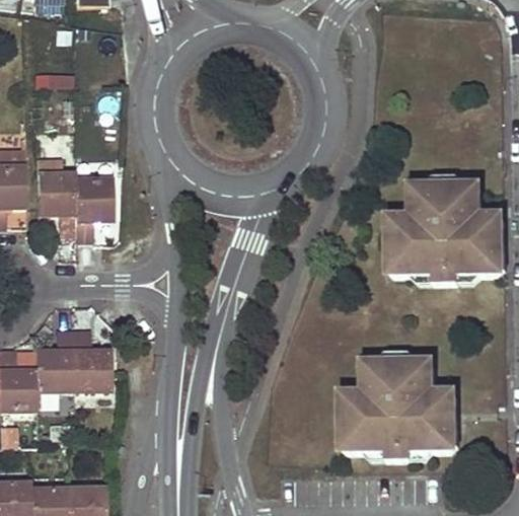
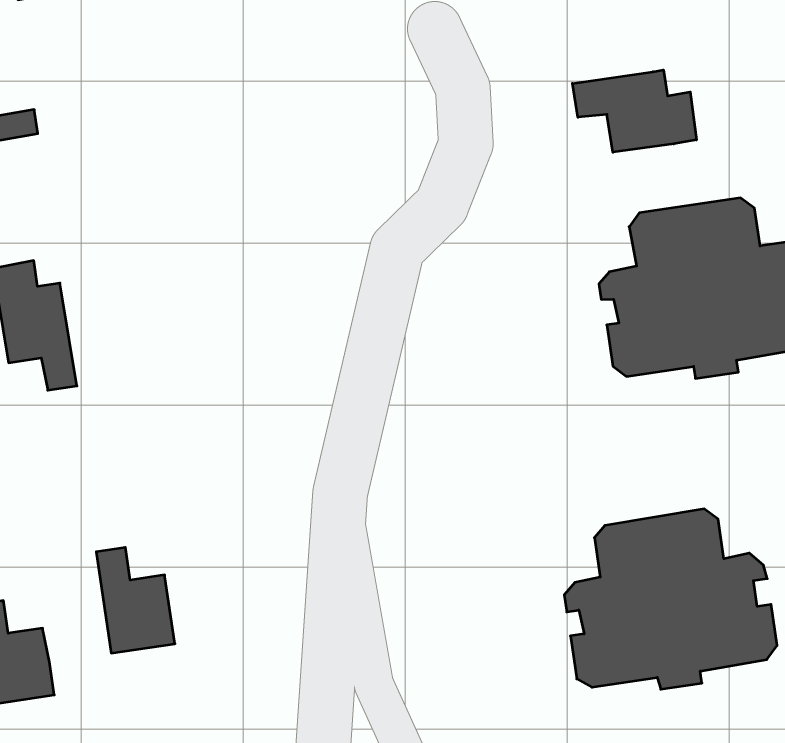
building: none -> [572,70,696,152]
building: [74,177,113,238] -> none
building: [34,329,72,389] -> none

